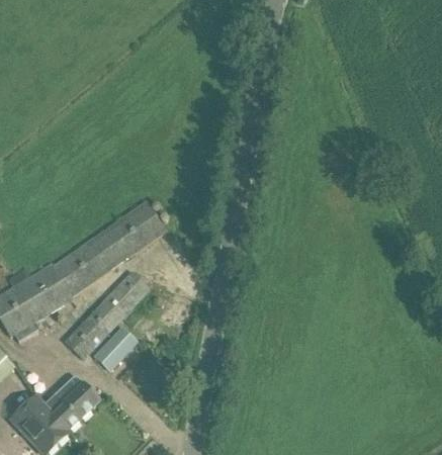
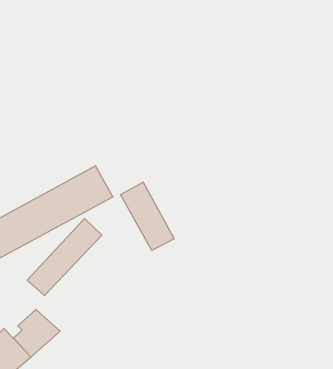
building: none -> [121,182,174,250]
building: [95,325,141,370] -> none

